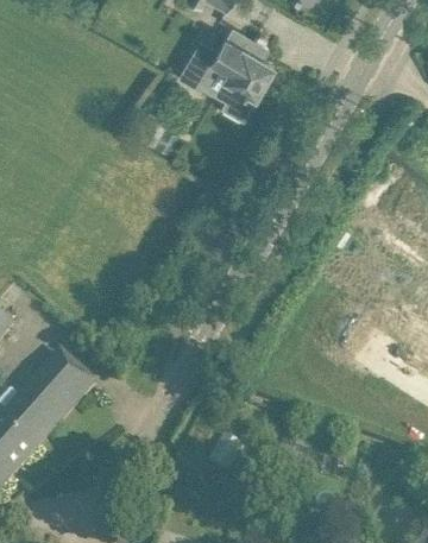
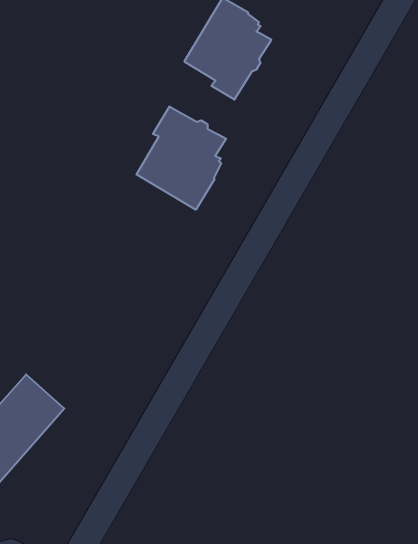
building: none -> [136,106,226,210]

